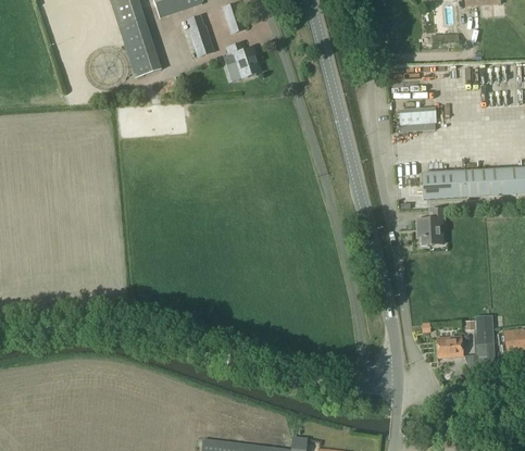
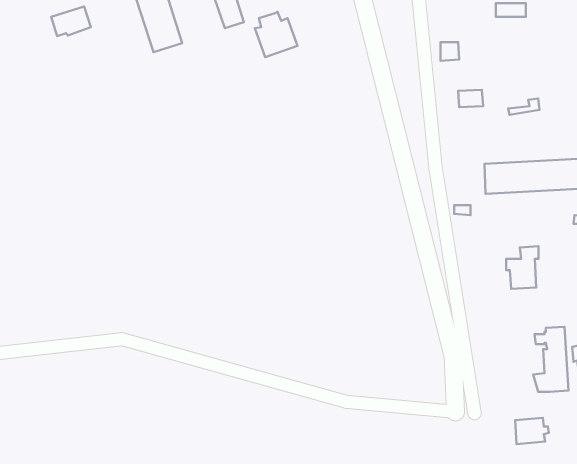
building: none -> [51,6,91,36]
building: [417,208,446,245] -> [506,246,539,289]
building: [437,335,466,358] -> [515,418,549,444]

